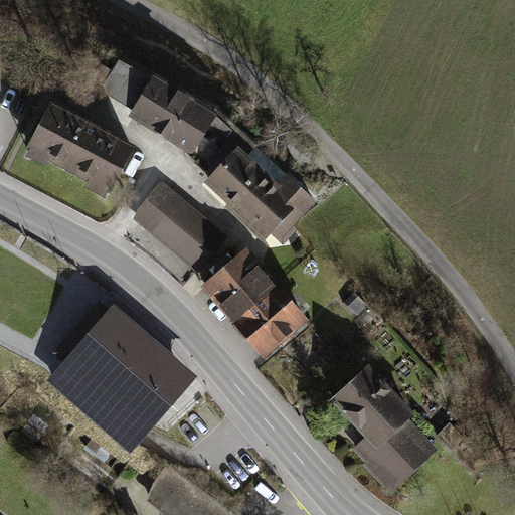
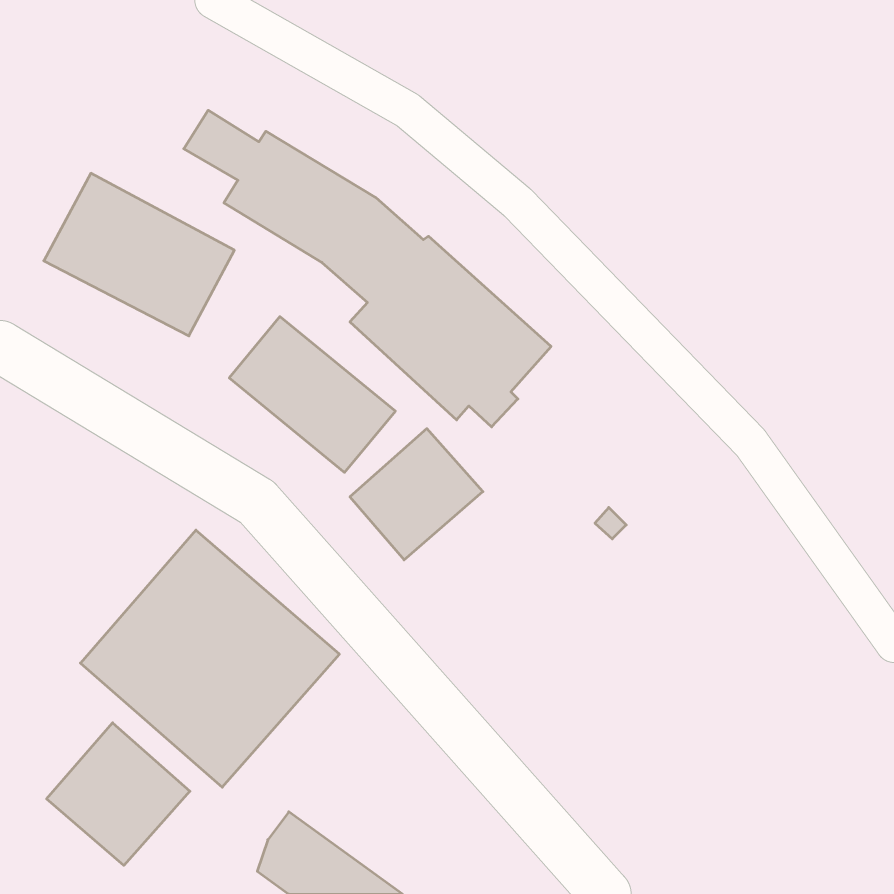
building: [232,283,309,358] -> none
building: [323,358,435,493] -> none
building: none -> [47,723,190,865]

